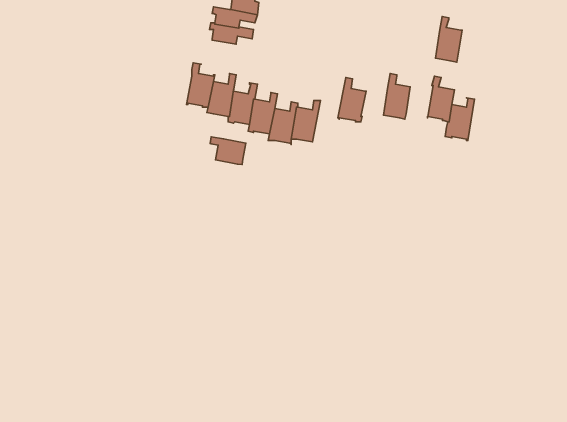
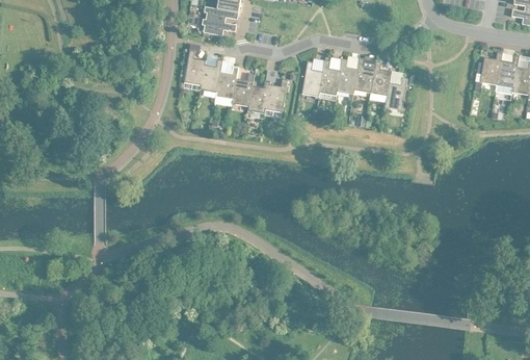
building: [435,17,462,62] -> [354,57,375,93]
building: none -> [319,59,340,95]
building: [210,137,246,164] -> none

